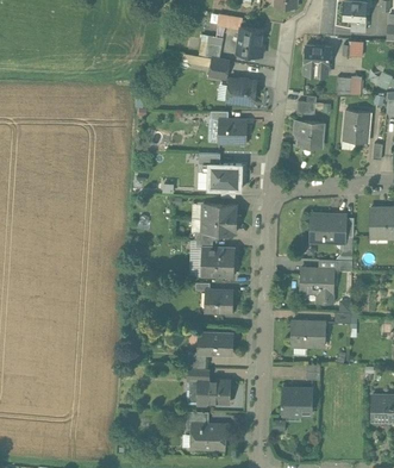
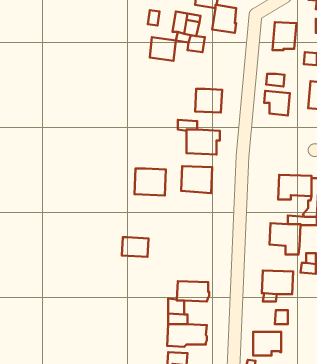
building: [227,79,256,105] -> [150,37,176,61]
building: [201,248,236,277] -> [135,168,166,195]
building: [205,291,234,312] -> [122,237,149,257]

